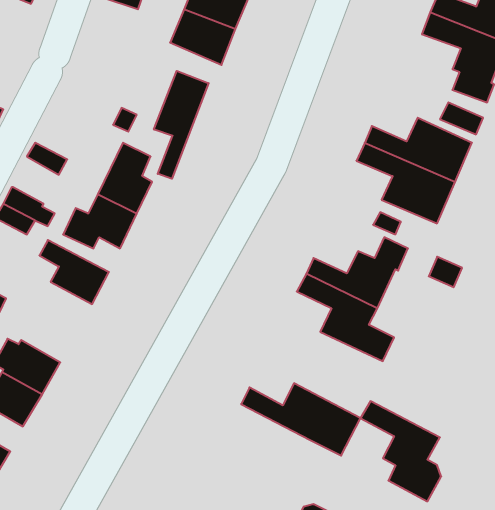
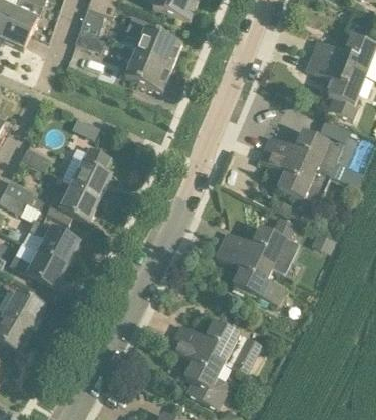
building: [154,71,209,179] -> none
building: none -> [10,248,68,289]
building: [361,401,441,501] -> [168,336,227,408]

